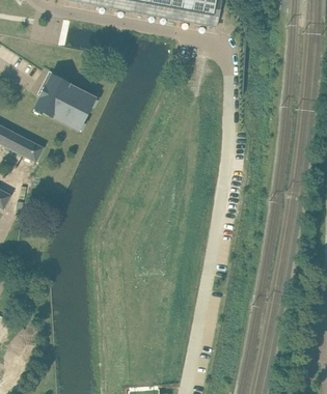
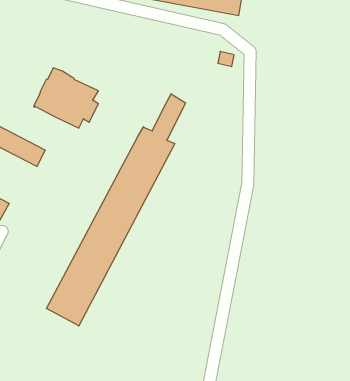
building: none -> [47,94,186,326]

